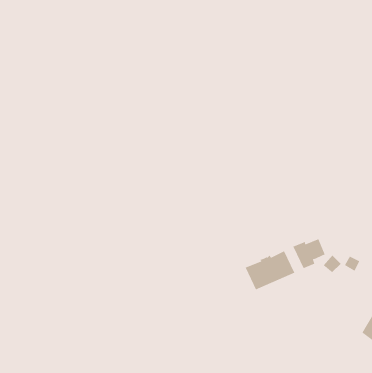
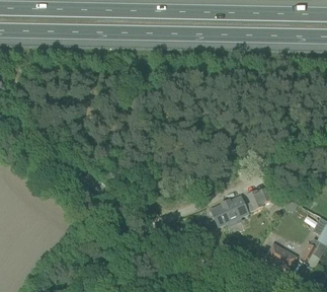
building: none -> [265,244,297,273]

